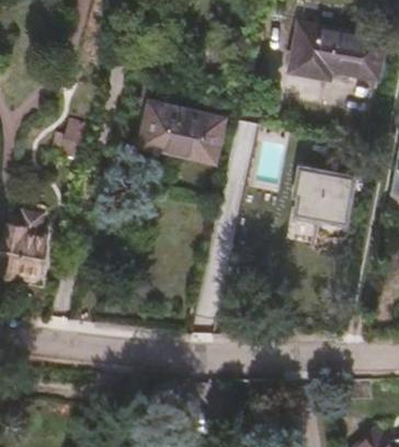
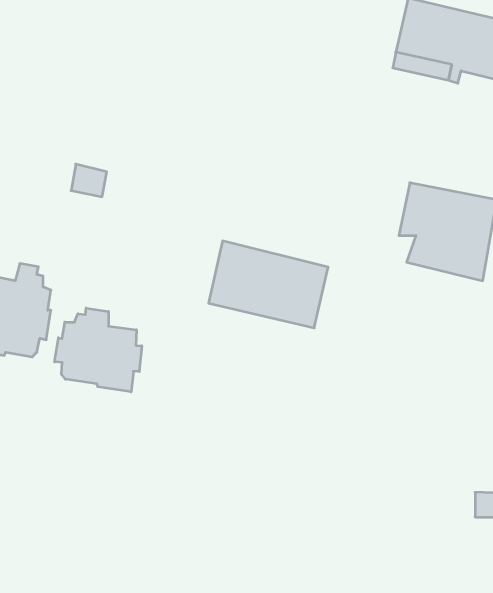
building: [137,103,221,164] -> [209,241,328,328]
building: none -> [55,308,142,392]

